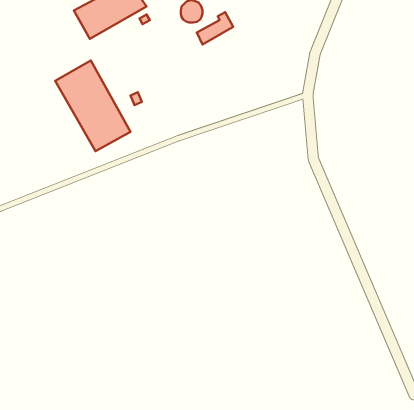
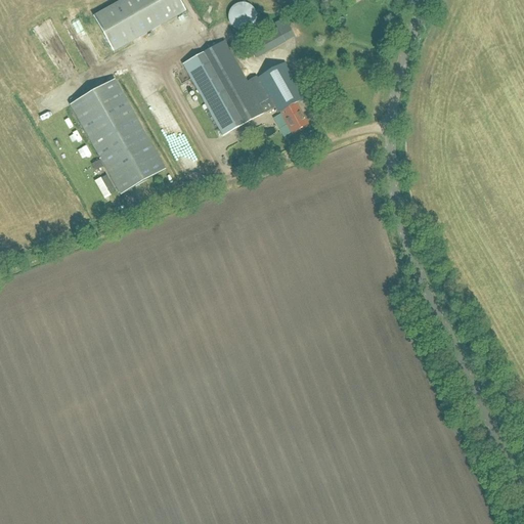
building: none -> [183,38,308,133]

